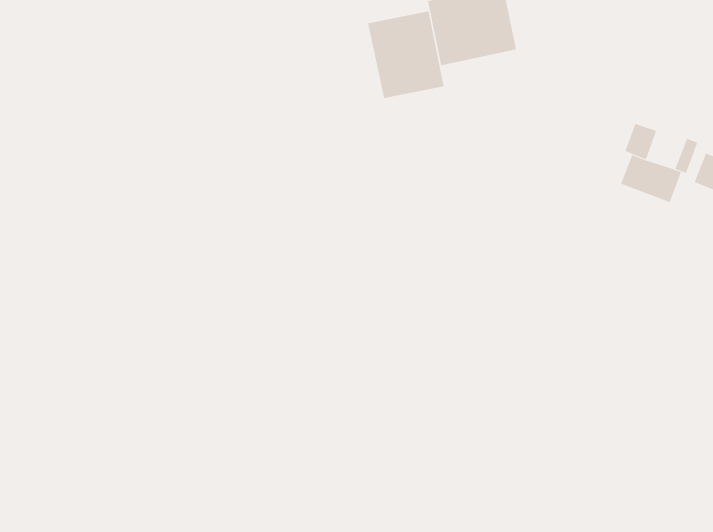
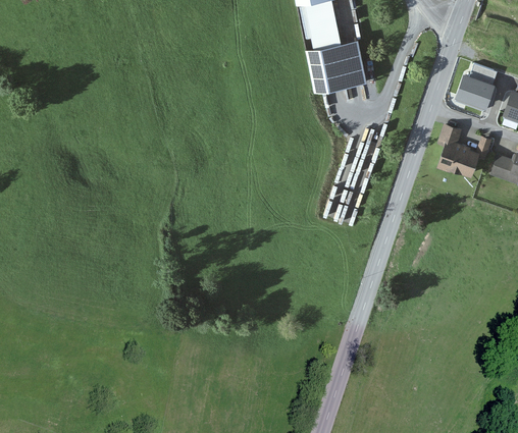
building: [368,10,444,99] -> none
building: none -> [453,71,494,108]

